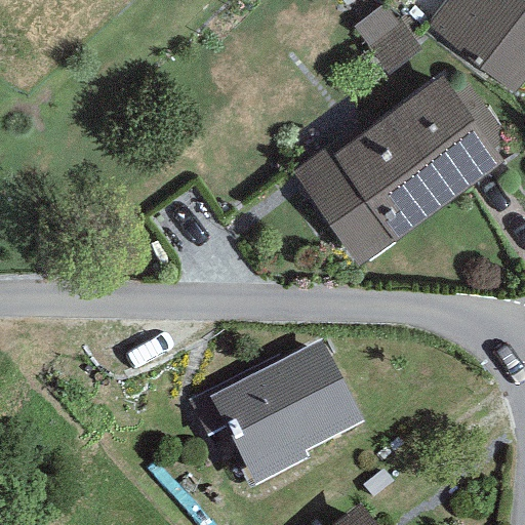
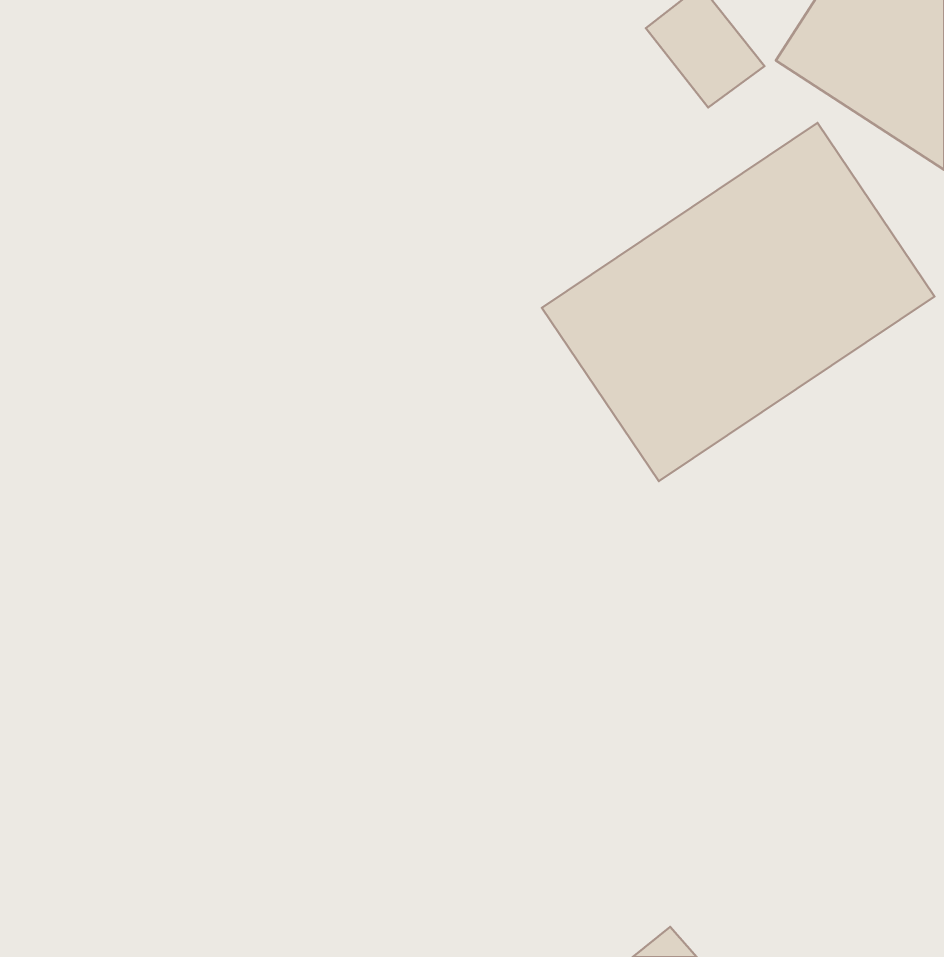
building: [220,347,373,491] -> none

